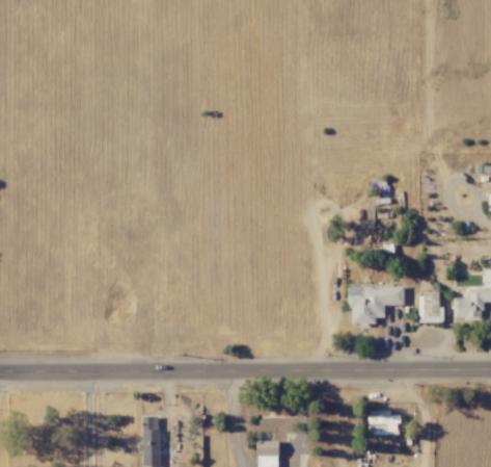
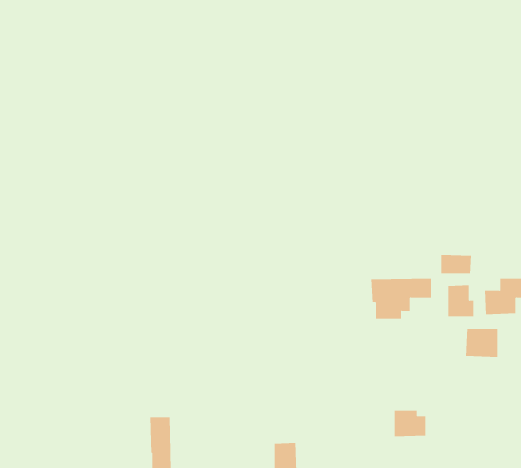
building: none -> [441,254,472,274]
building: none -> [465,328,498,358]

